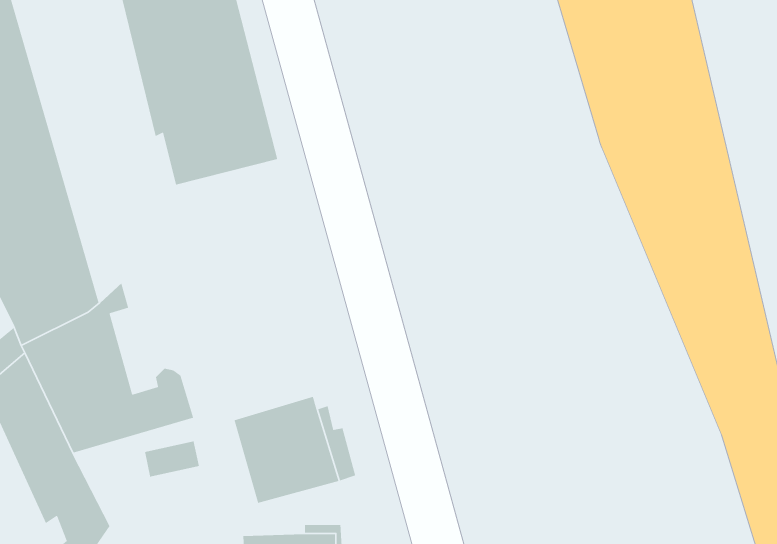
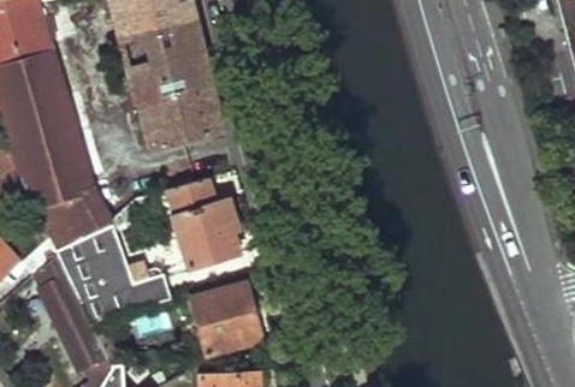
building: none -> [168,179,239,267]

